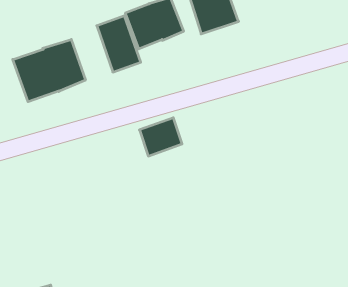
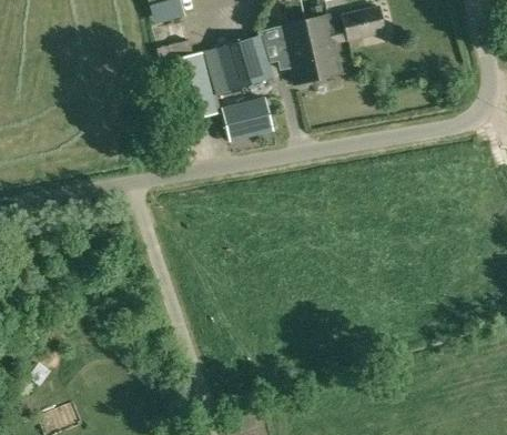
building: [13,39,85,102] -> none
building: [139,118,182,156] -> [223,98,274,142]

